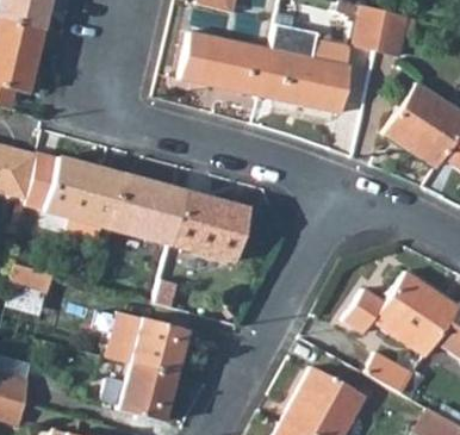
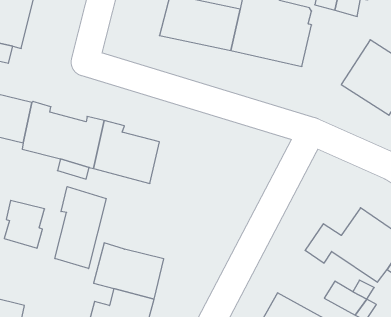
building: [172,192,245,262] -> none
building: none -> [55,187,106,269]

